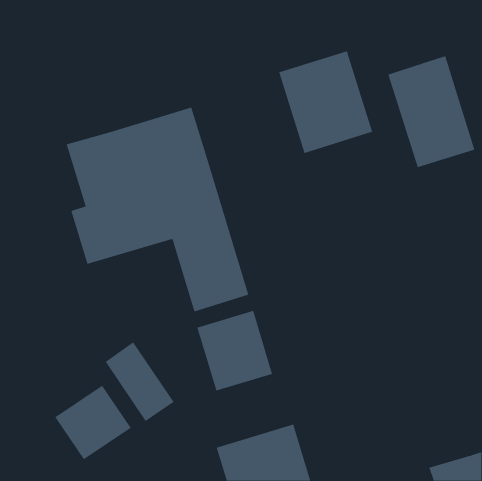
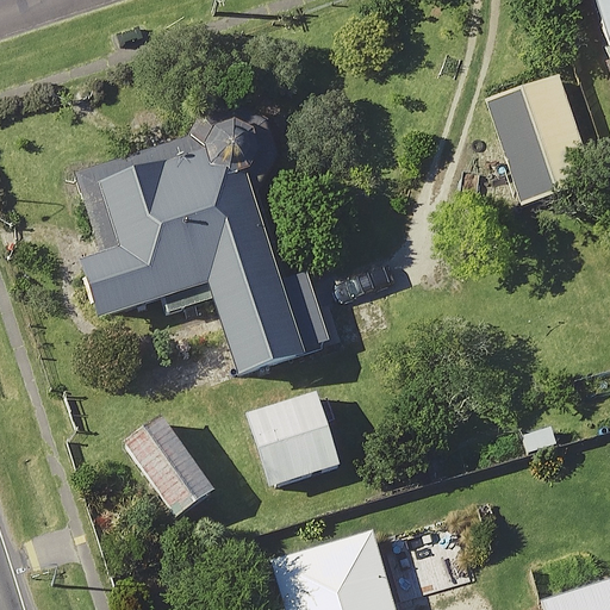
building: [278,50,373,154] -> none
building: [55,385,131,460] -> none

